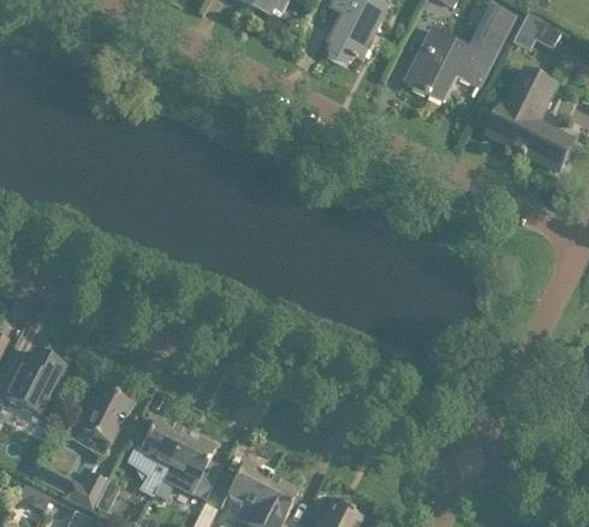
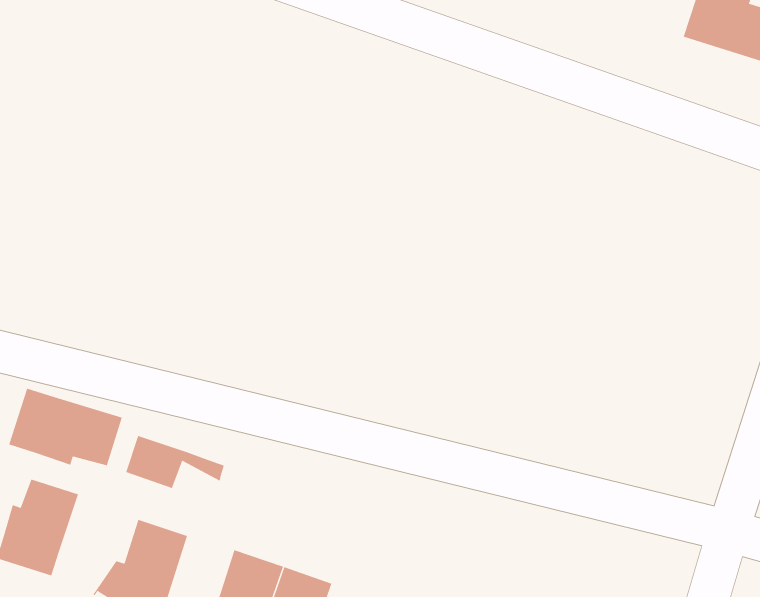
building: none -> [9,388,123,466]
building: none -> [126,435,224,489]

